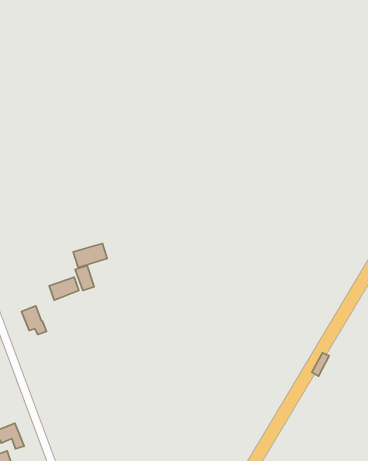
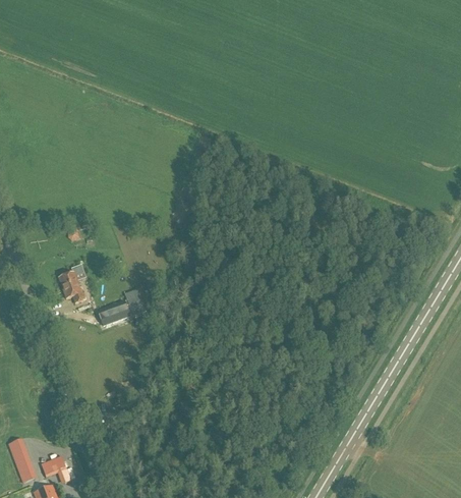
building: [73,244,107,268] -> none
building: [22,306,46,334] -> [58,271,84,301]

